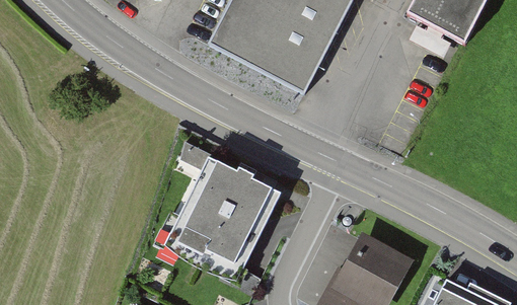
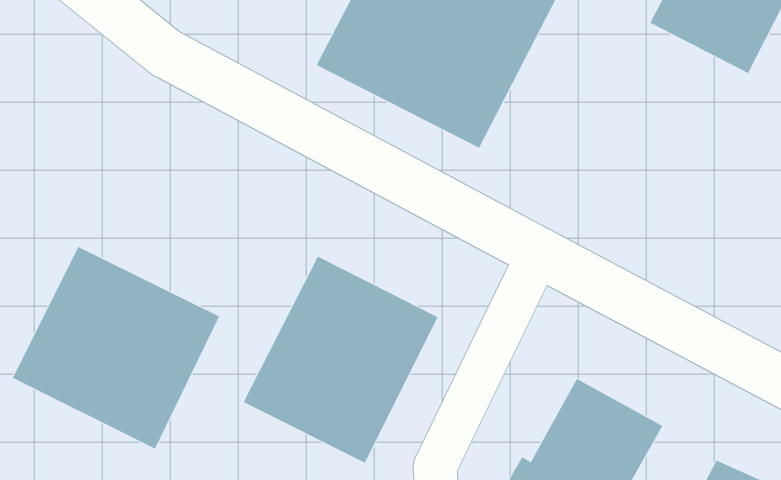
building: none -> [12,246,220,449]

